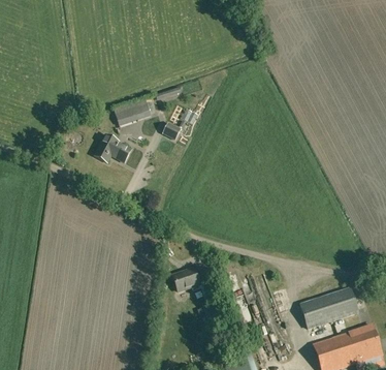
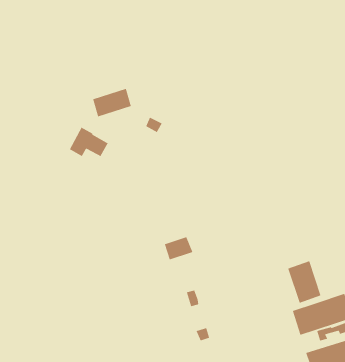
building: none -> [287,260,321,304]
building: [172,267,200,289] -> [164,236,194,260]

